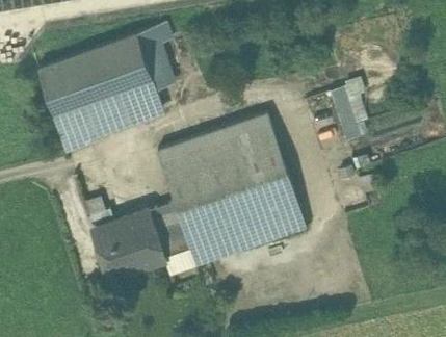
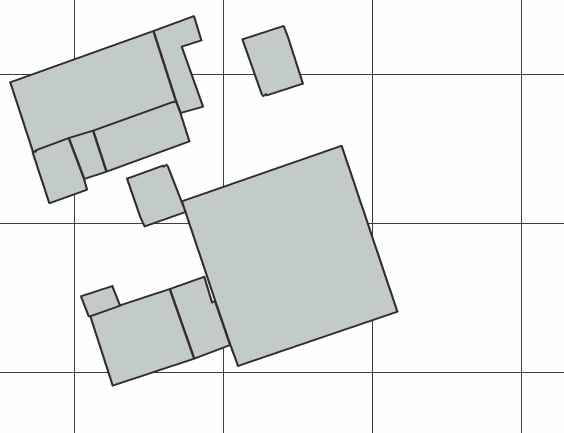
building: none -> [243,26,303,96]
building: [329,79,373,140] -> none
building: none -> [127,165,185,227]

